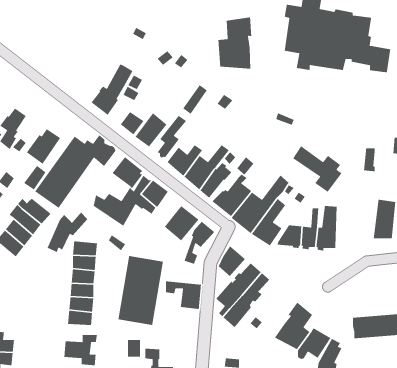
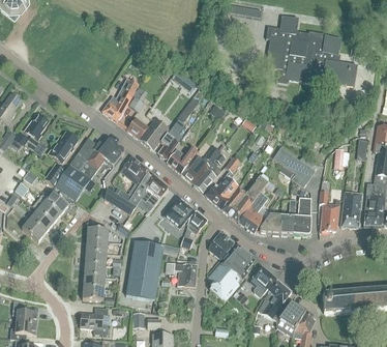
building: [217,16,252,70] -> none
building: none -> [320,191,339,230]
building: [47,212,88,253] -> none
building: none -> [249,266,276,296]

